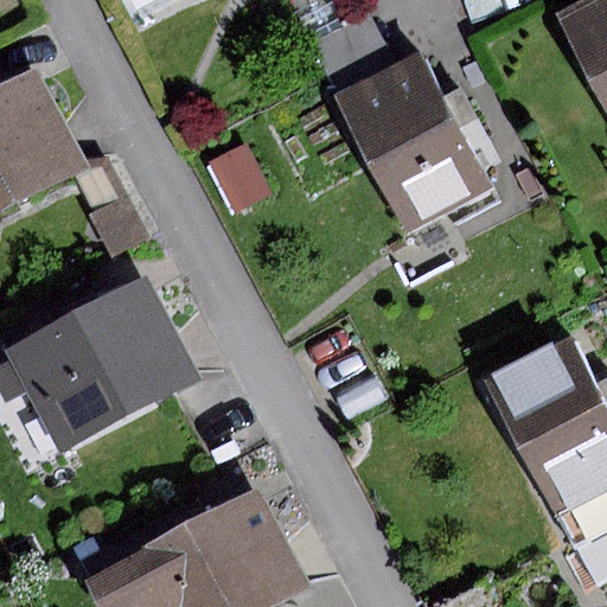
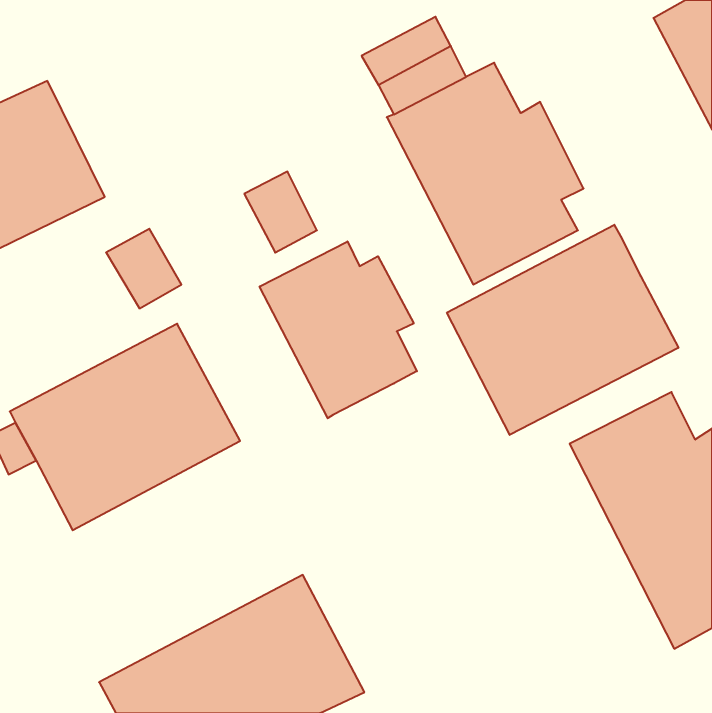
building: none -> [447,225,678,435]
building: none -> [260,241,417,418]

